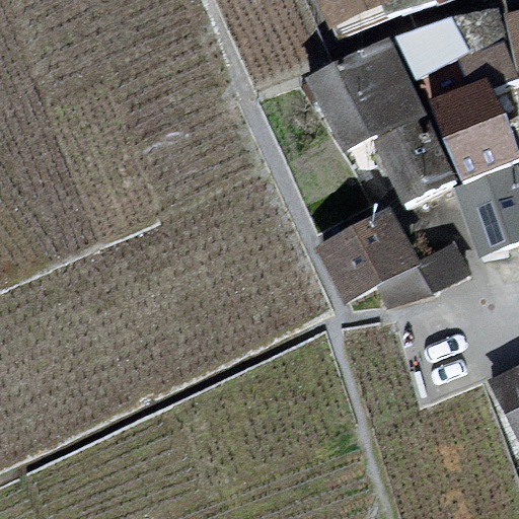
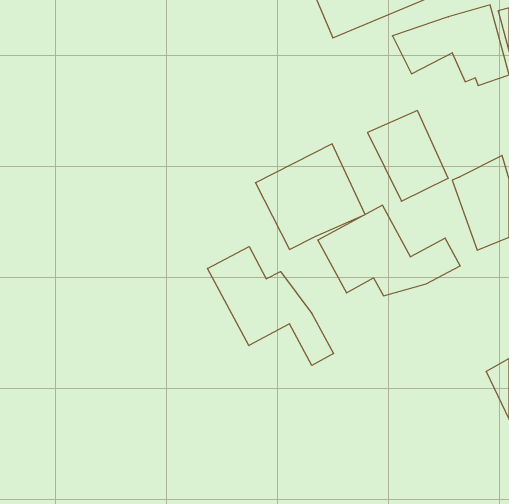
building: [313,41,425,148] -> [255,144,365,249]
building: [436,79,511,180] -> none
building: none -> [207,247,334,365]

